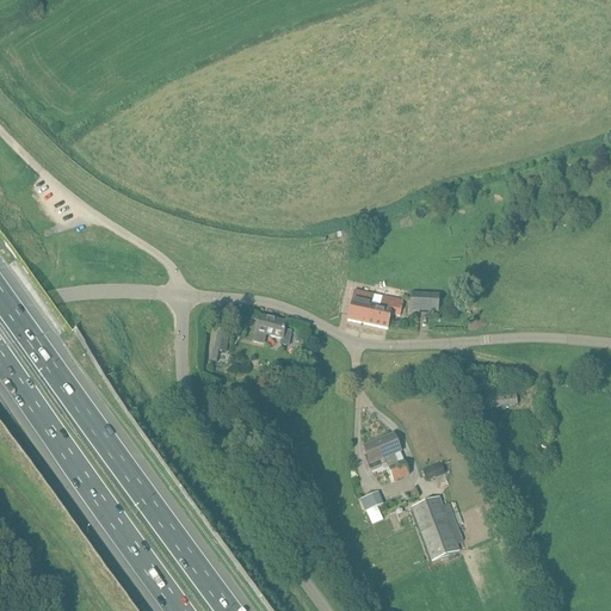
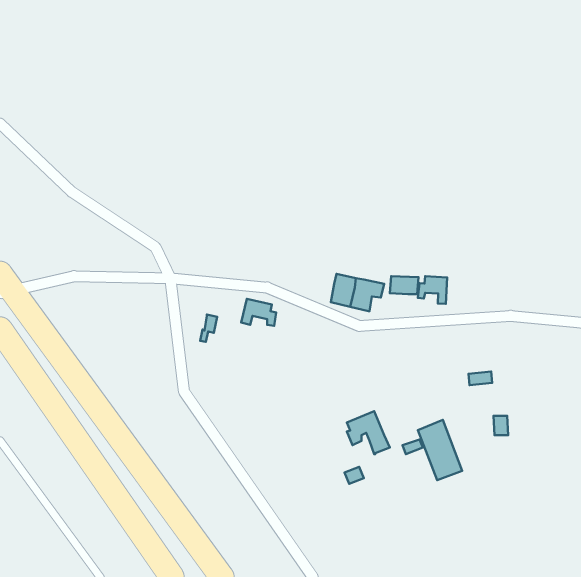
building: none -> [418,276,447,304]
building: [412,495,458,558] -> [418,420,462,480]

